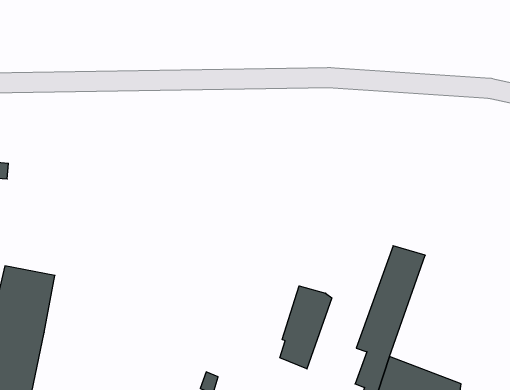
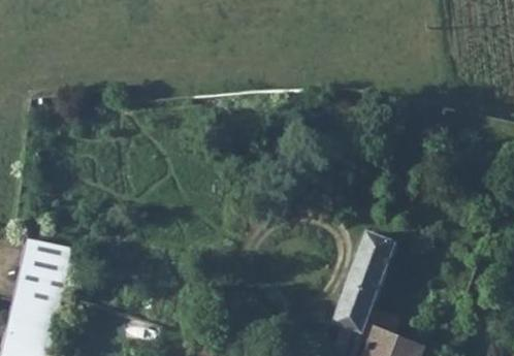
building: [280,286,332,369] -> none

